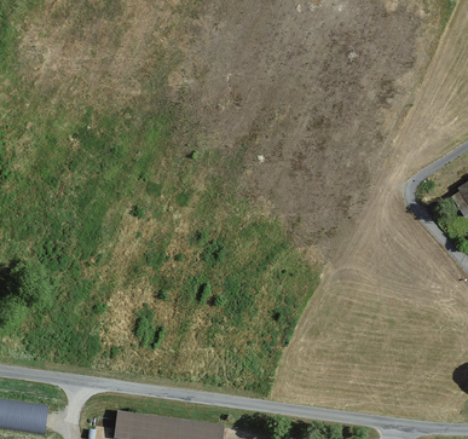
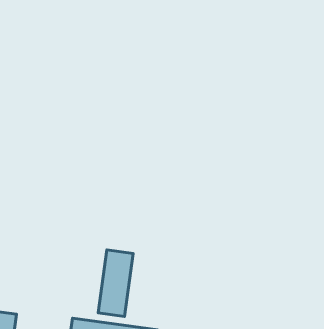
building: none -> [98,250,133,316]

